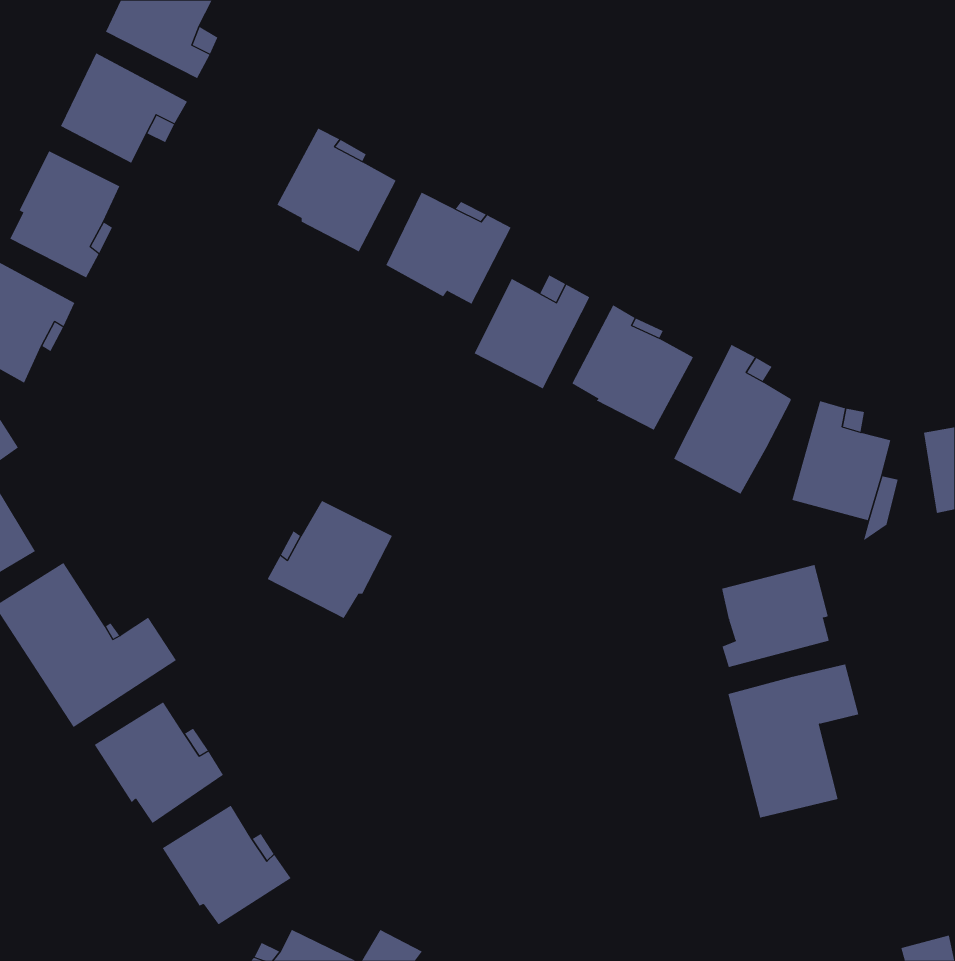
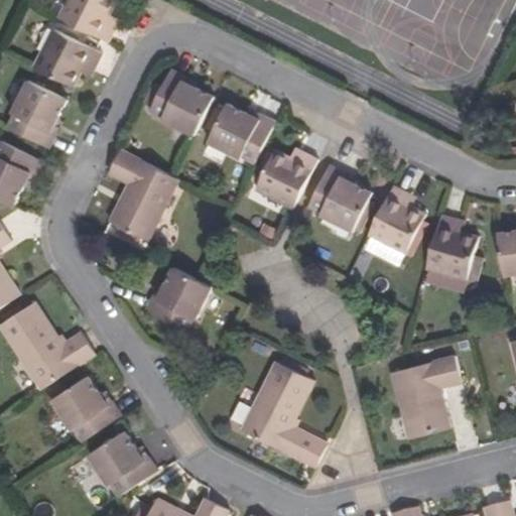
building: none -> [107,149,178,241]
building: [722,564,829,668] -> none
building: none -> [240,361,314,459]

